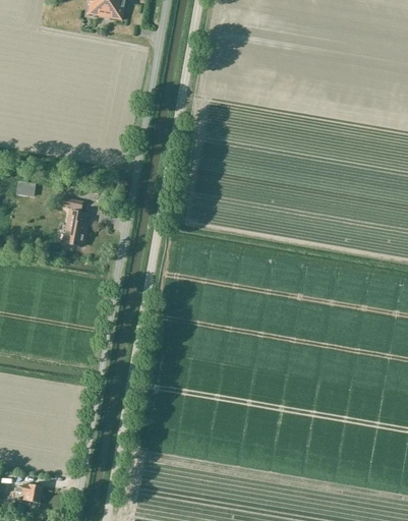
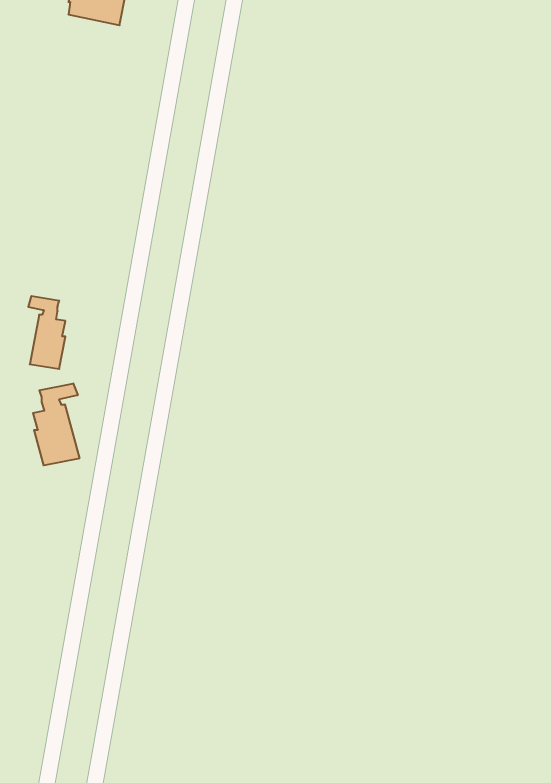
building: none -> [33,383,79,465]

